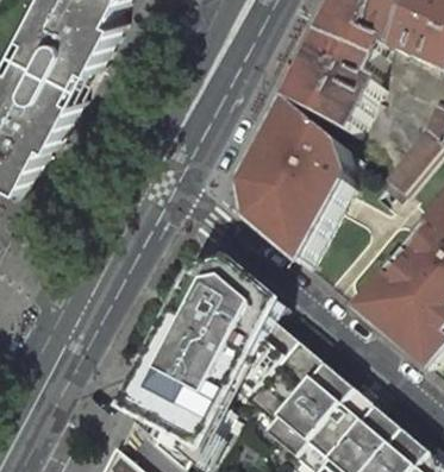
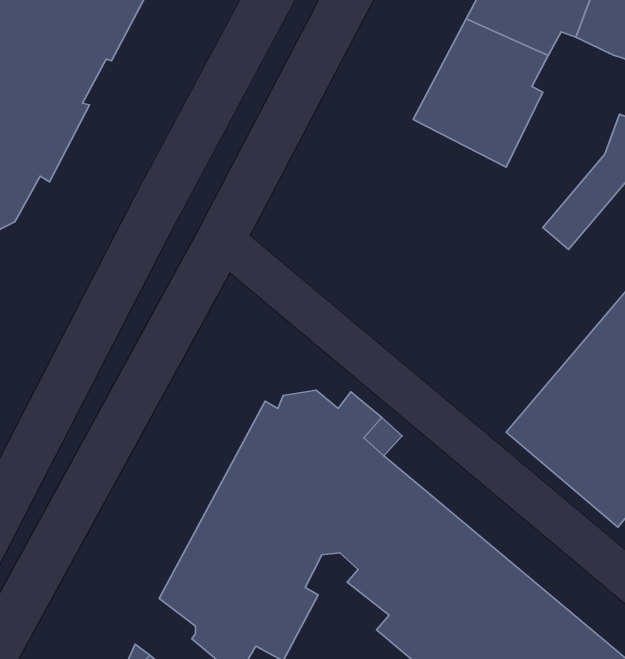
building: [245,100,352,264] -> none

